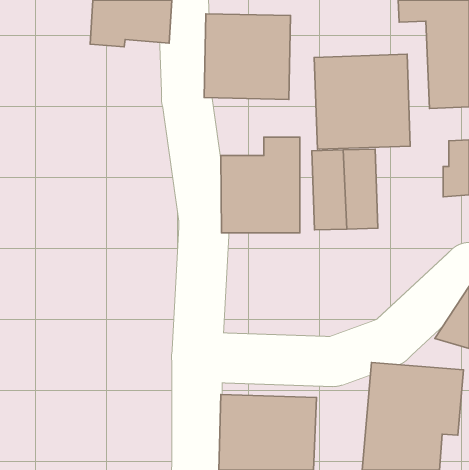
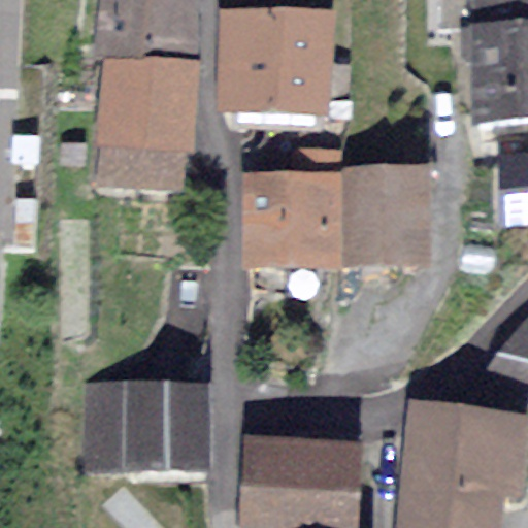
building: [314,54,410,149] -> none
building: none -> [102,62,193,185]
building: none -> [93,386,203,466]

